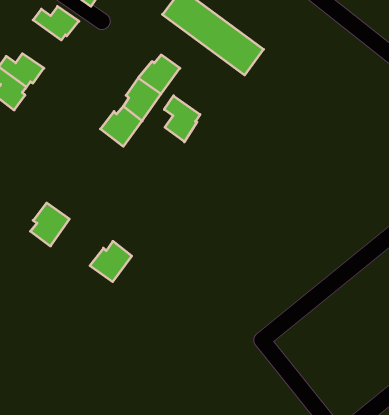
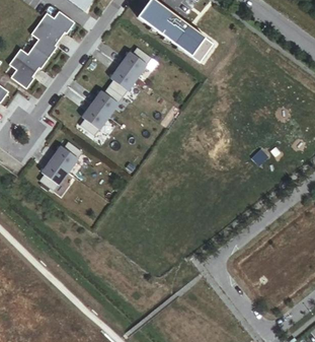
building: none -> [30,20,62,57]
building: [164,96,200,142] -> none
building: none -> [79,102,108,135]
building: [90,241,132,282] -> [51,140,82,170]

